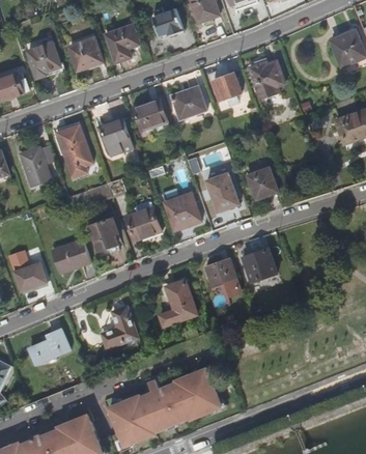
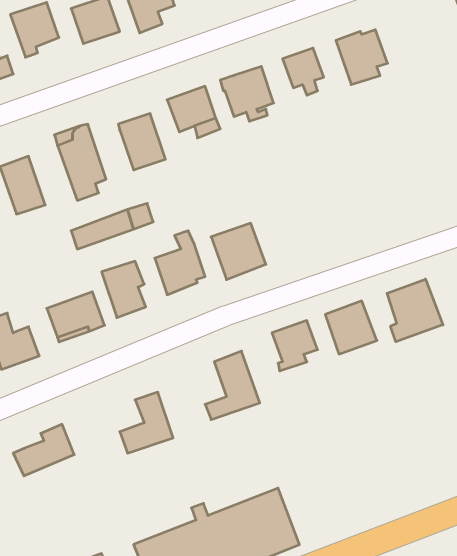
building: [248,167,278,200] -> none
building: [206,172,240,211] -> none
building: none -> [387,279,443,342]

